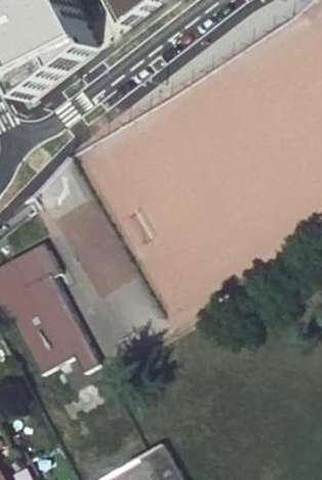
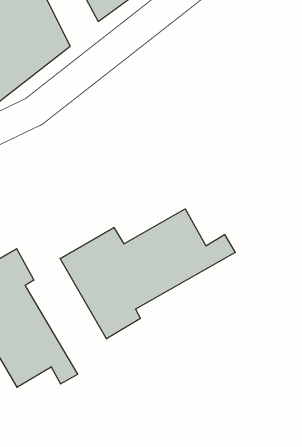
building: none -> [60,209,235,339]

